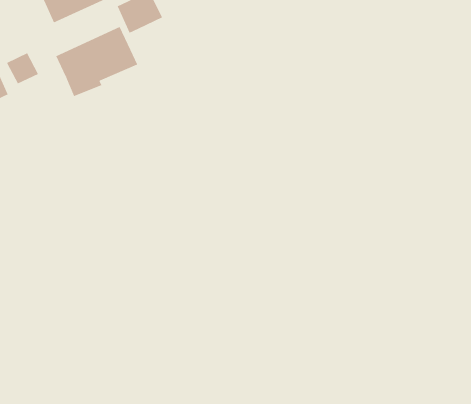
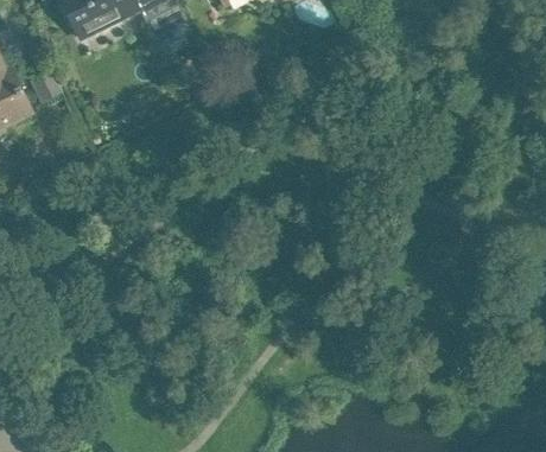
building: [56,26,140,97] -> none

